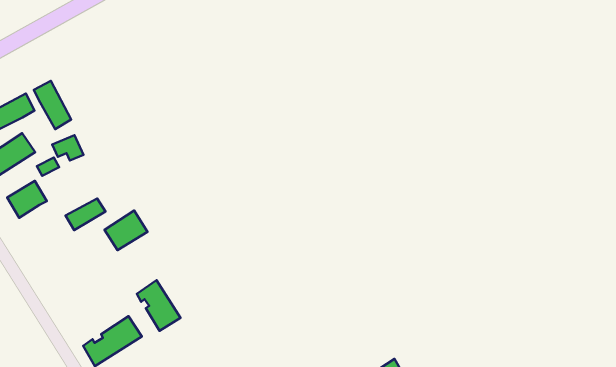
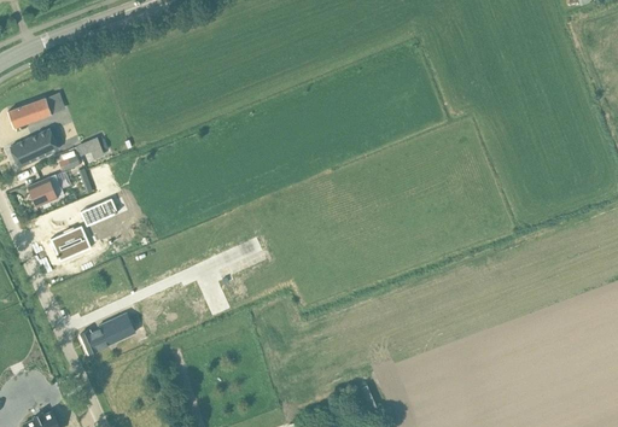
building: [34,81,71,129] -> none
building: [104,210,148,250] -> [51,226,91,261]
building: [137,280,180,331] -> none

